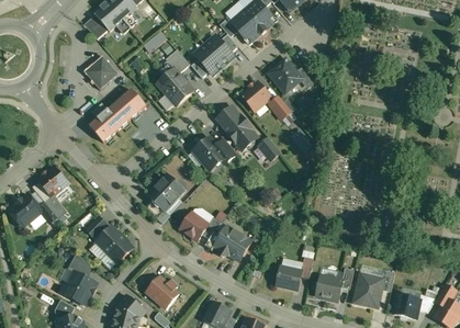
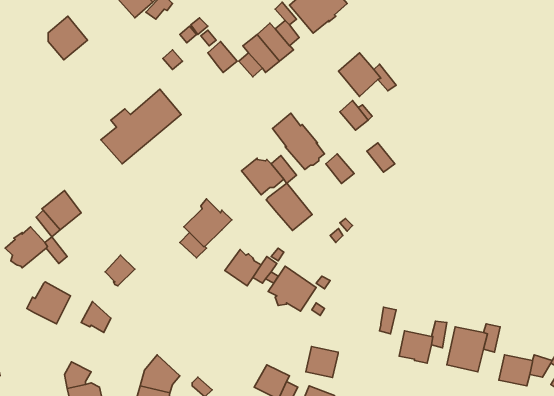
building: [88,55,119,89] -> [48,16,88,60]
building: [158,68,193,104] -> none
building: [242,81,271,111] -> none
building: none -> [266,183,312,231]
building: [97,226,133,262] -> none
building: [277,265,302,290] -> [306,347,338,377]
building: [61,271,96,304] -> [27,282,70,324]
building: [146,275,179,308] -> none

